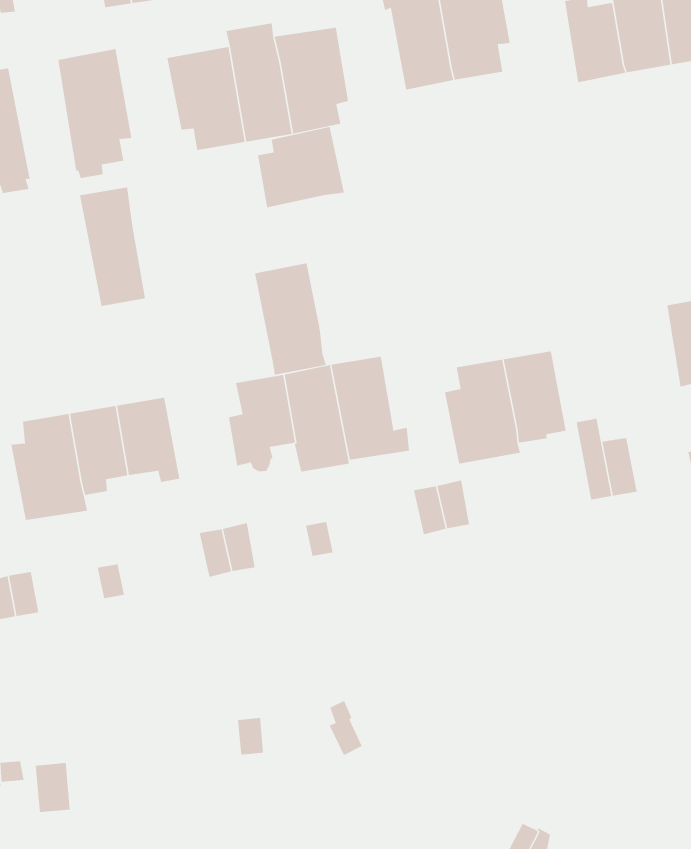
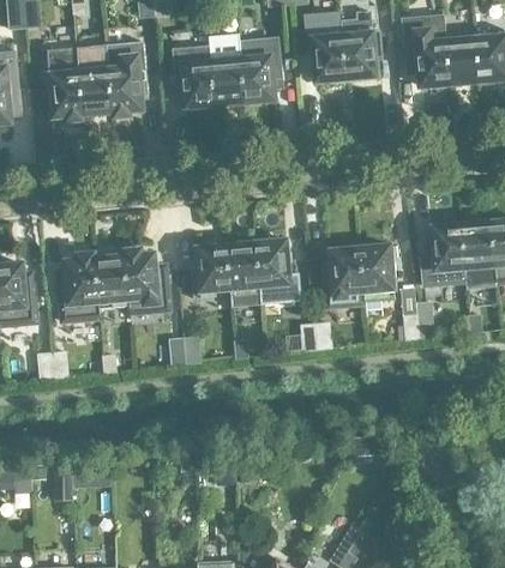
building: [258,126,345,208] -> none
building: [79,187,146,306] -> [77,44,112,115]
building: [255,263,327,376] -> none
building: none -> [432,225,465,278]

